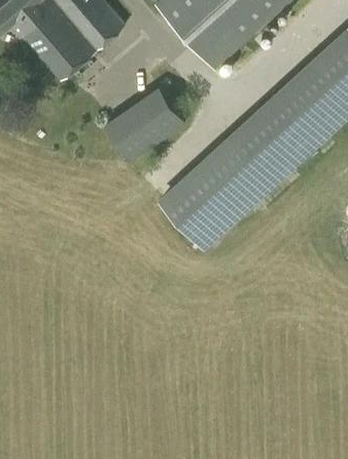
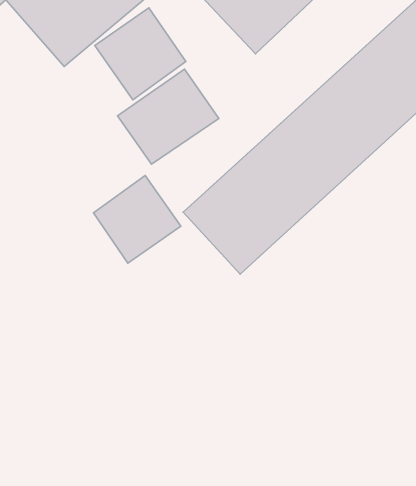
building: none -> [95,8,186,100]
building: none -> [93,175,181,263]

